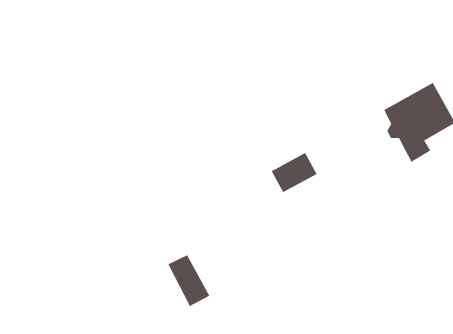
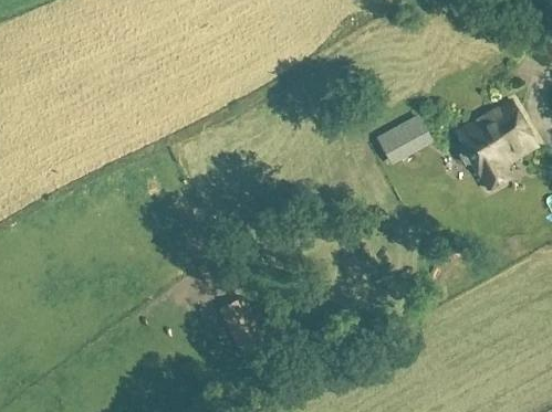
building: [271,152,318,193] -> [377,114,429,159]

